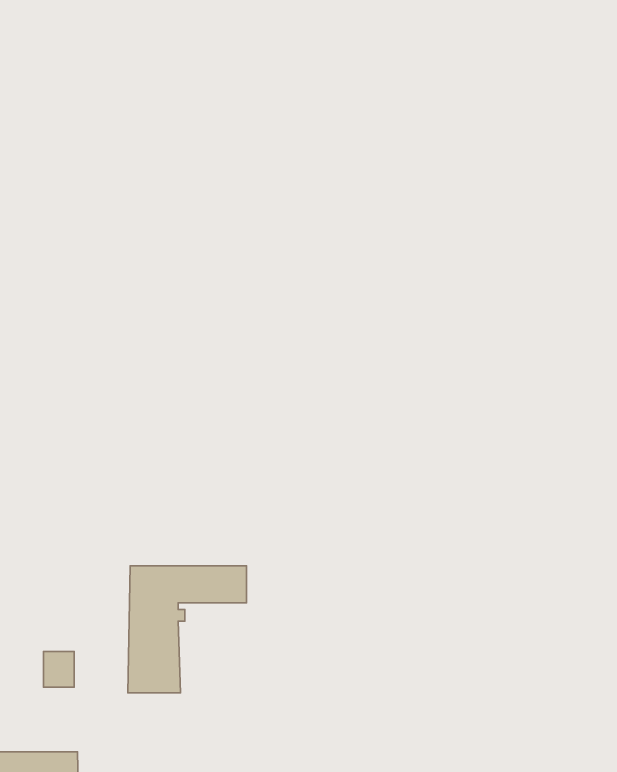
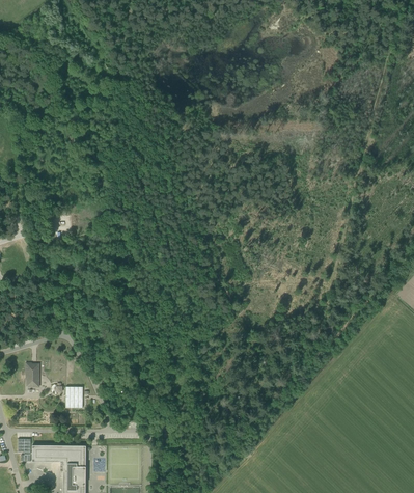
building: [128,566,247,693] -> none

